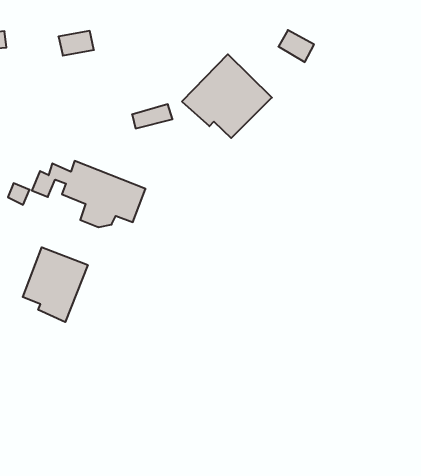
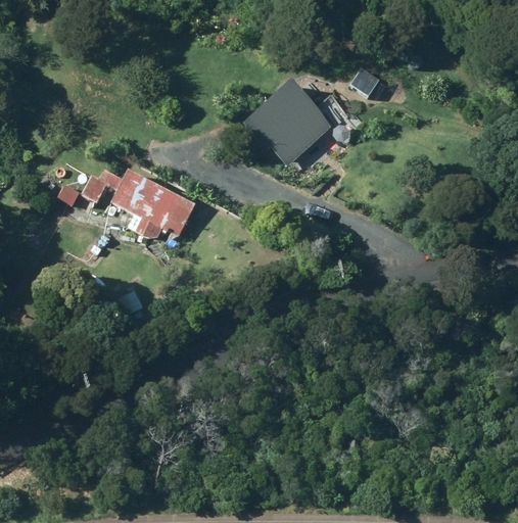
building: [23,247,88,322] -> none

